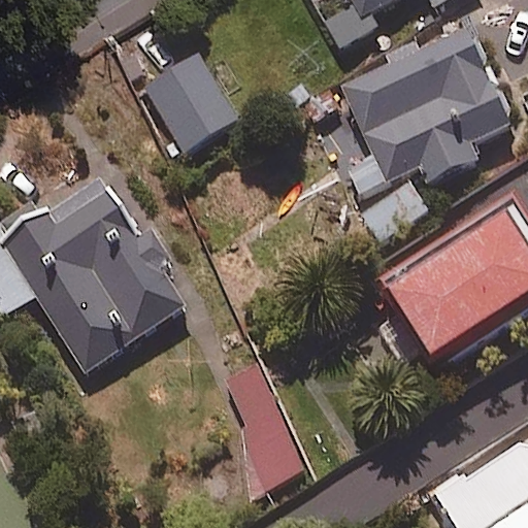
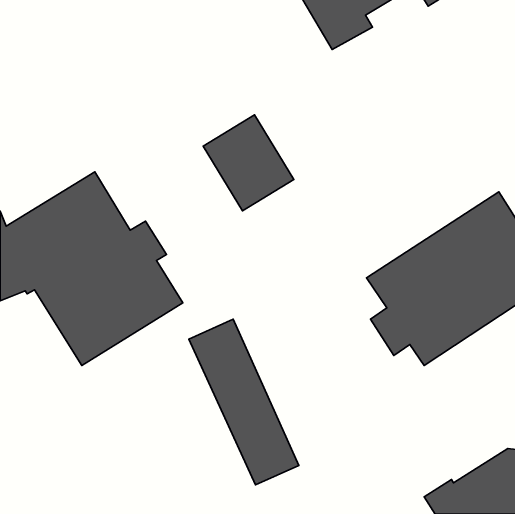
building: [335,21,517,242] -> none
building: [145,53,238,151] -> [203,115,294,211]

